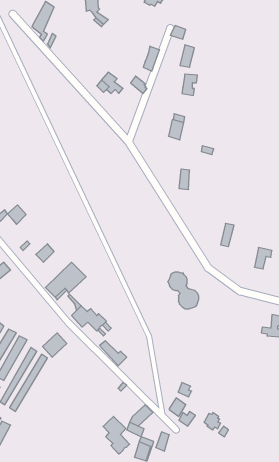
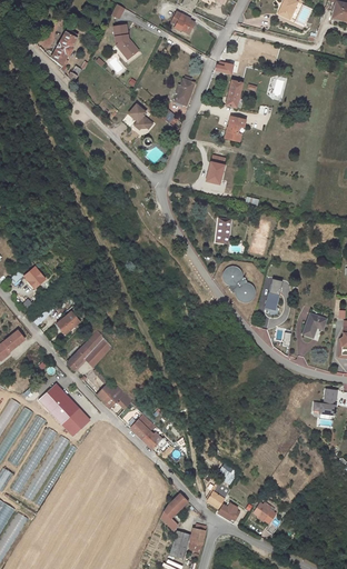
building: [168,272,199,309] -> [222,263,258,306]
building: none -> [39,386,79,427]
building: [103,416,130,454] -> none

